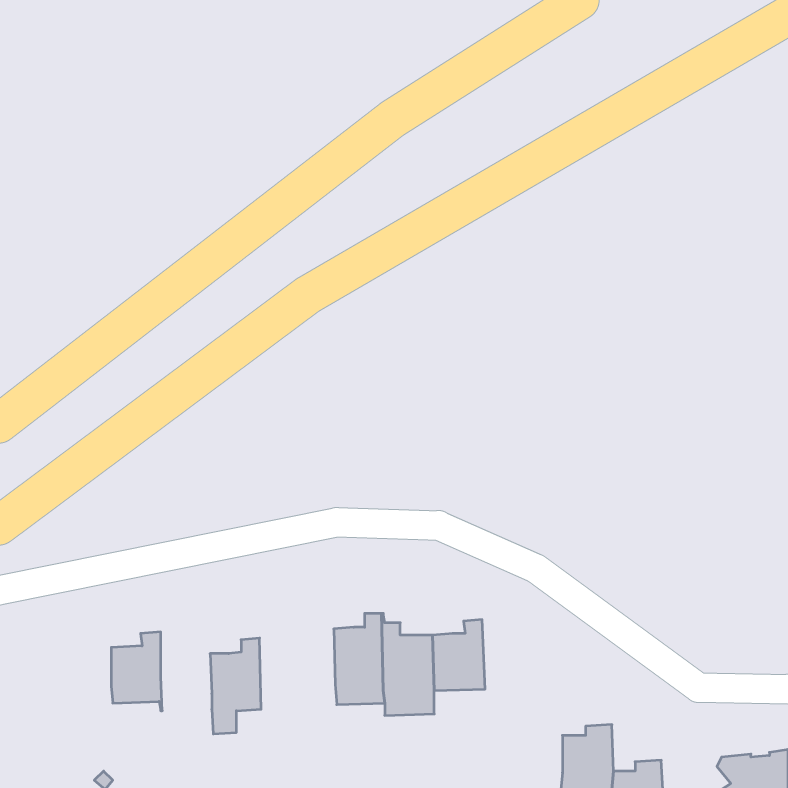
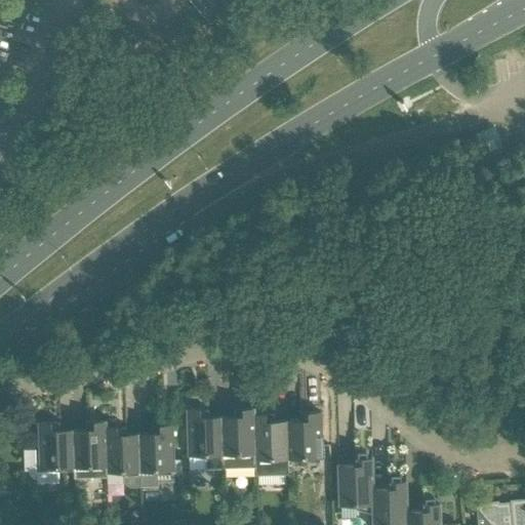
building: none -> [188,410,224,470]
building: none -> [29,422,75,480]
building: none -> [107,427,142,488]
building: none -> [338,459,373,515]

